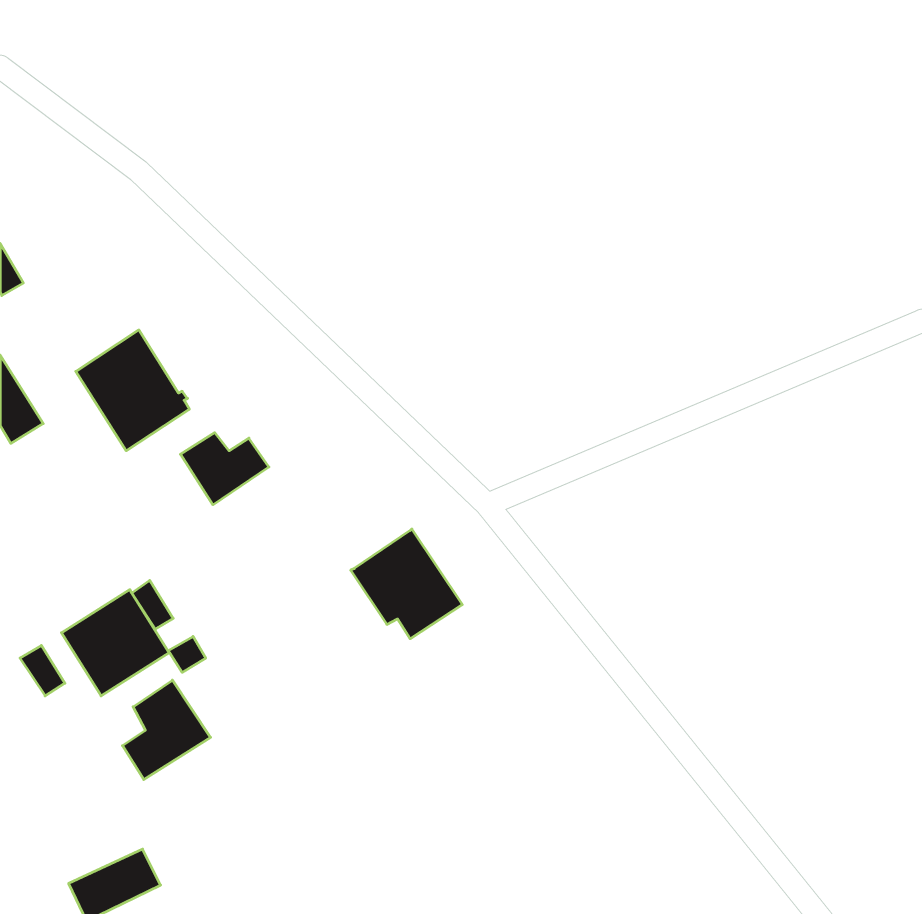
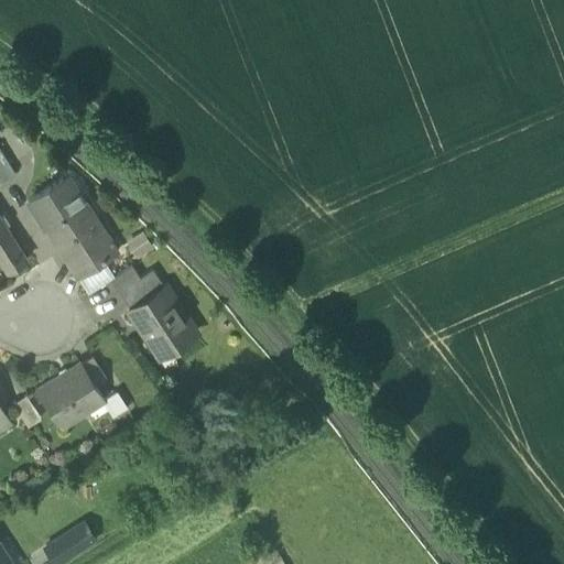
building: none -> [30,181,85,231]
building: [351,529,462,639] -> [128,289,196,356]
building: [122,680,211,780] -> none

